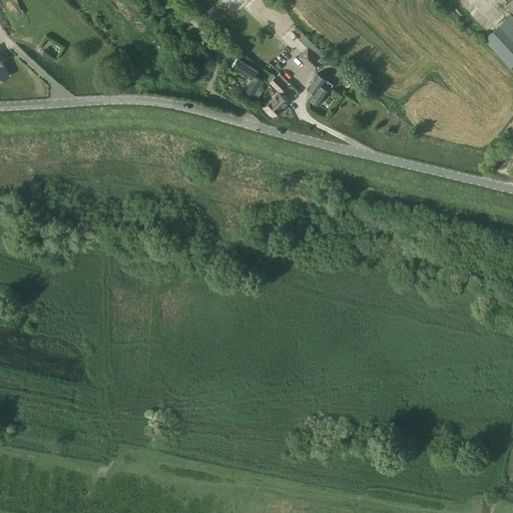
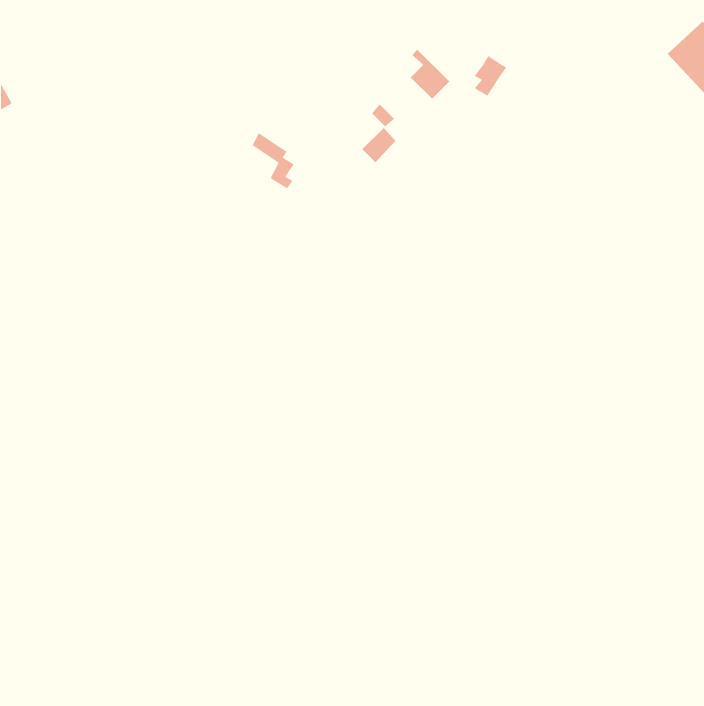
building: [232,57,264,98] -> [252,133,295,189]
building: [309,74,333,104] -> [474,55,507,97]

